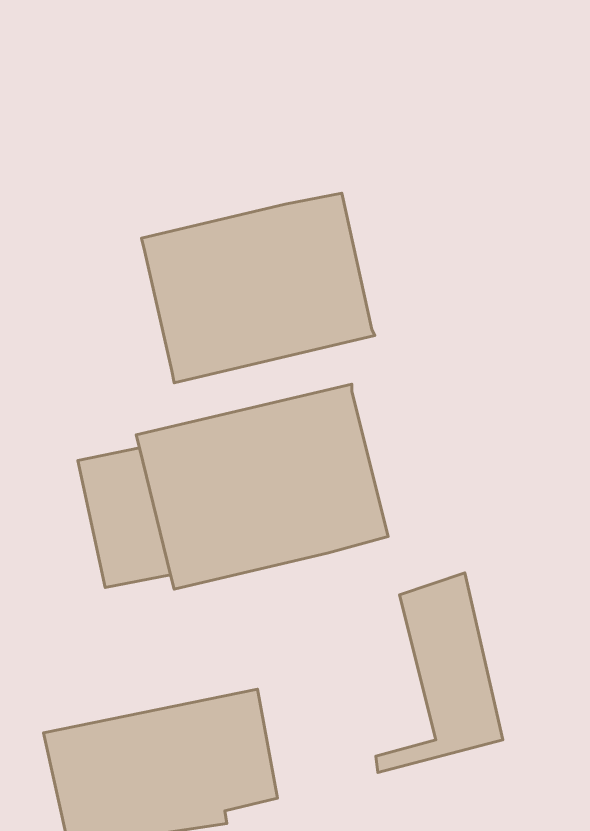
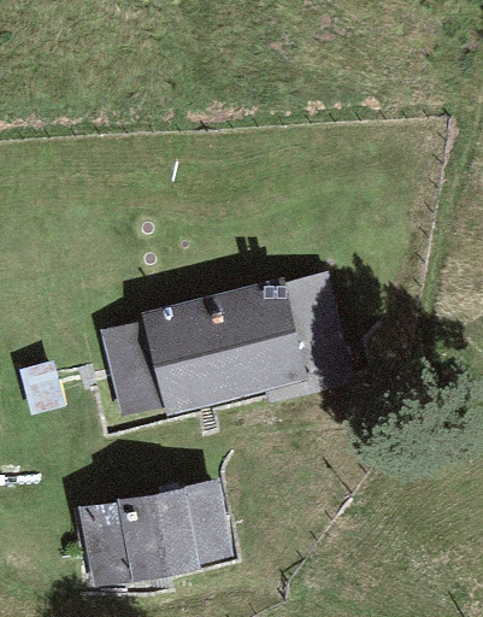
building: [142,193,375,383] -> none
building: [376,573,503,773] -> [264,270,348,402]

